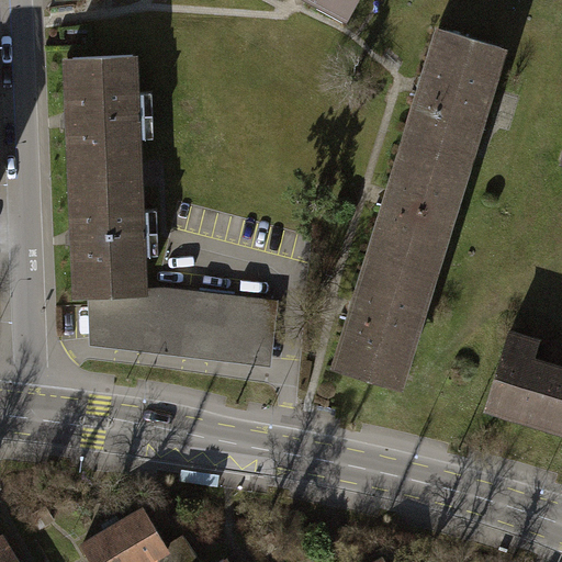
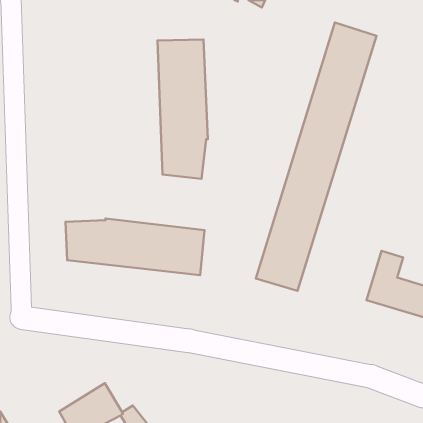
building: none -> [158,40,208,179]
building: [71,58,142,295] -> none

